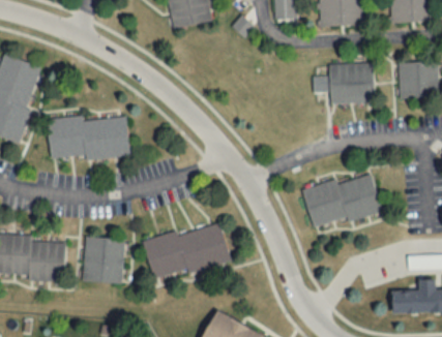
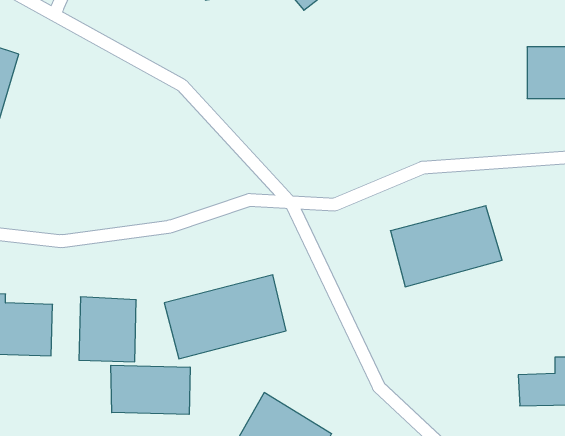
building: [329,62,375,102] -> none
building: [48,116,129,161] -> none
building: none -> [111,365,190,414]

